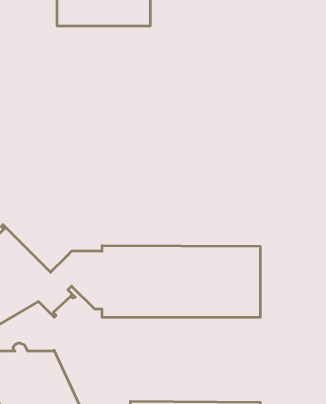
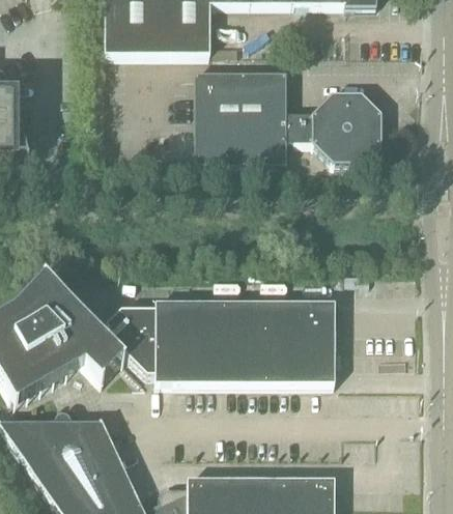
building: none -> [195,73,383,164]

